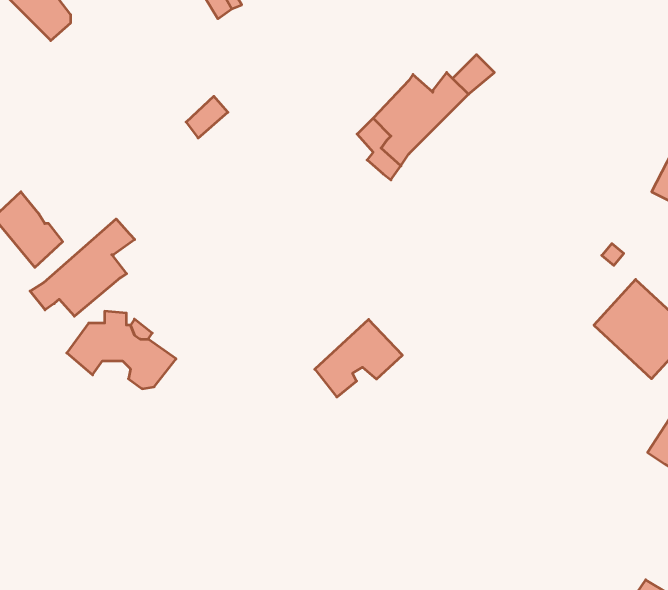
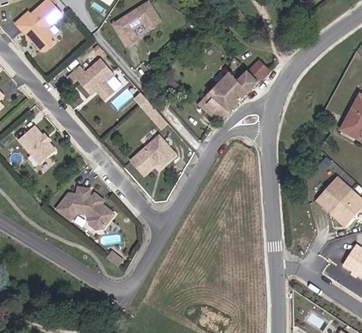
building: none -> [66,64,112,102]
building: [30,219,135,316] -> none
building: [315,319,402,397] -> [129,137,173,176]

